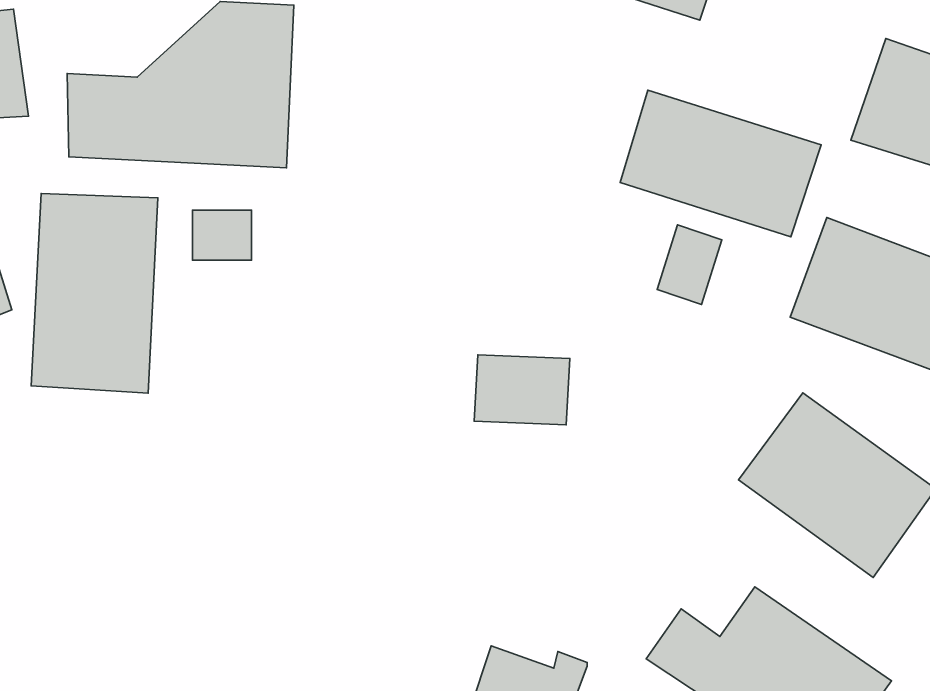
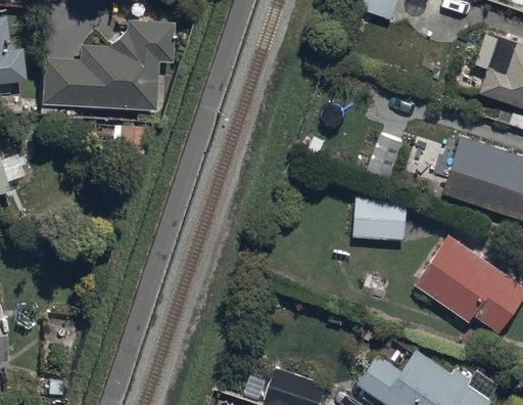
building: [620,90,821,237] -> none
building: [31,193,158,393] -> none
building: [474,355,570,425] -> [353,205,407,243]

